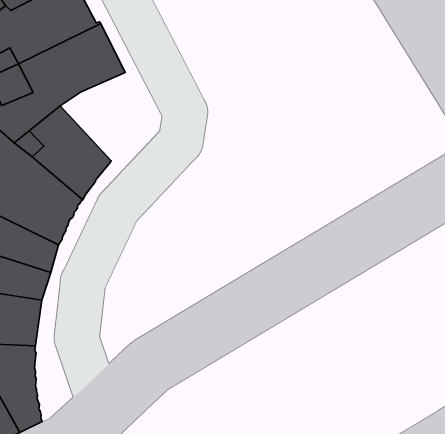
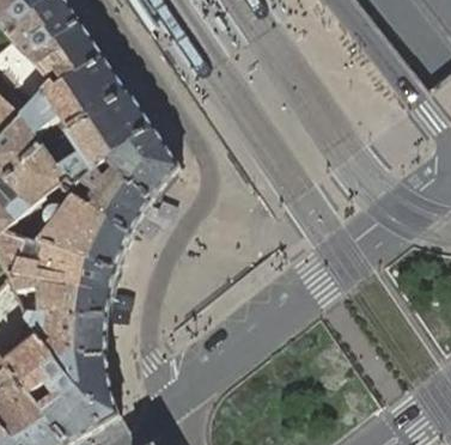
building: none -> [104,132,178,203]

